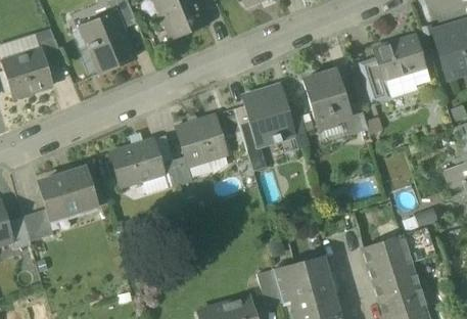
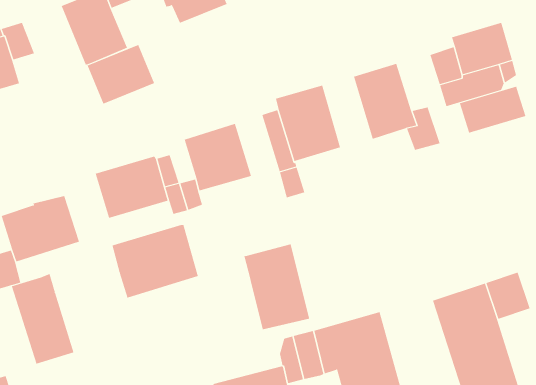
building: none -> [87,44,155,104]
building: none -> [459,86,526,133]
building: none -> [112,224,198,298]
building: none -> [244,244,310,330]
building: none -> [11,273,74,365]

